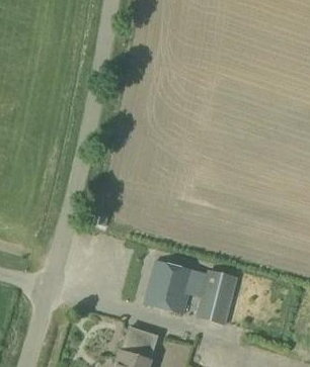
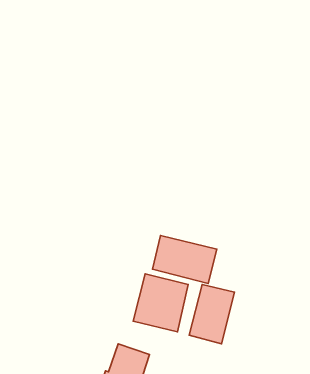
building: none -> [153,236,217,283]

